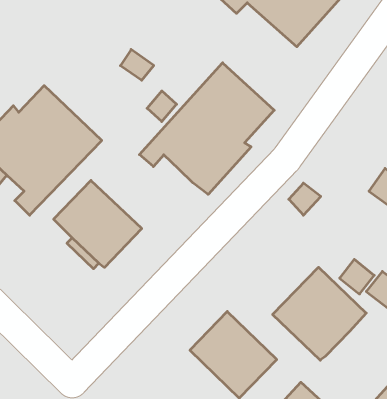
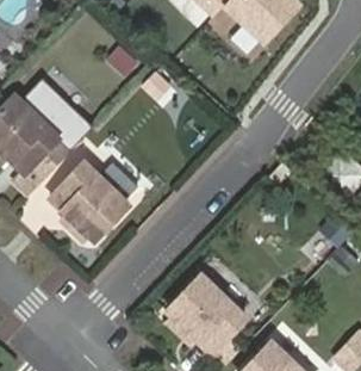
building: [139,63,274,194] -> none
building: [273,267,366,360] -> none

